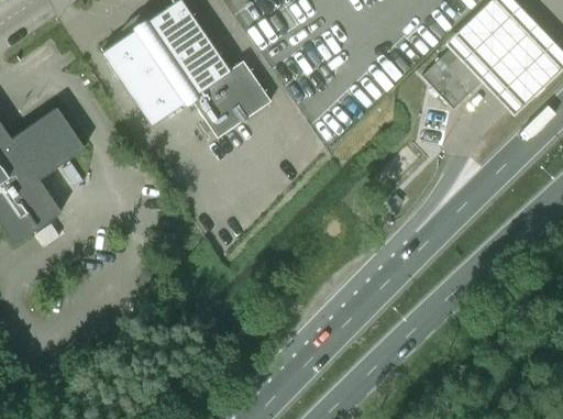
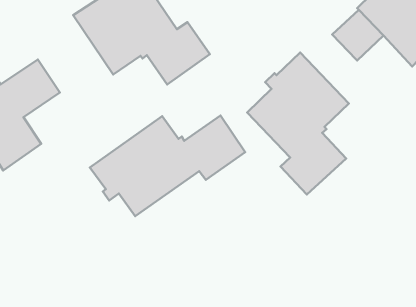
building: none -> [247,53,349,195]
building: none -> [90,116,245,216]

